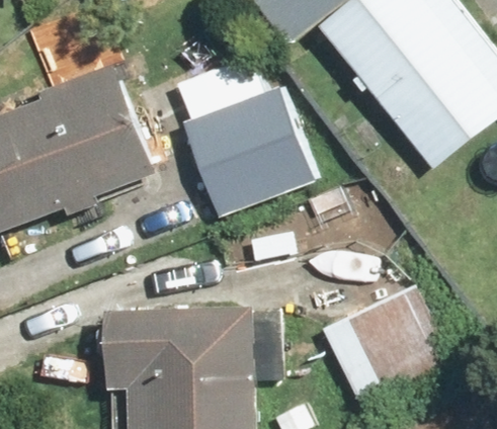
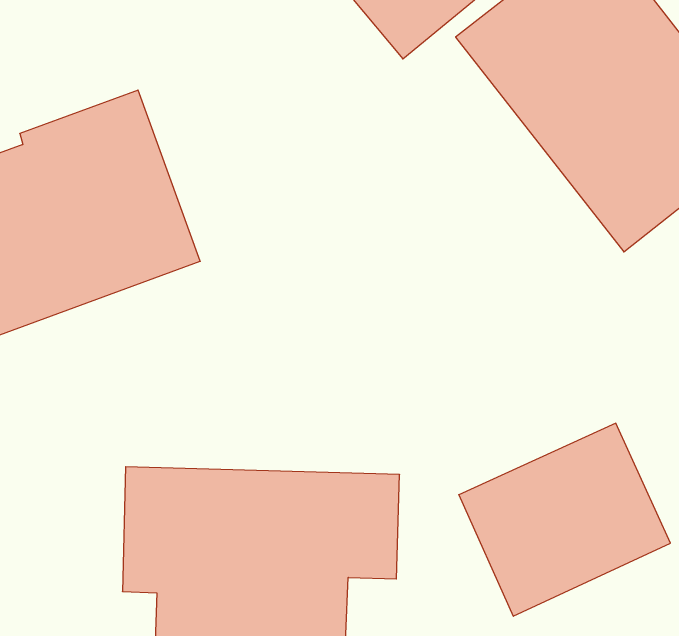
building: [177,50,315,214] -> none

